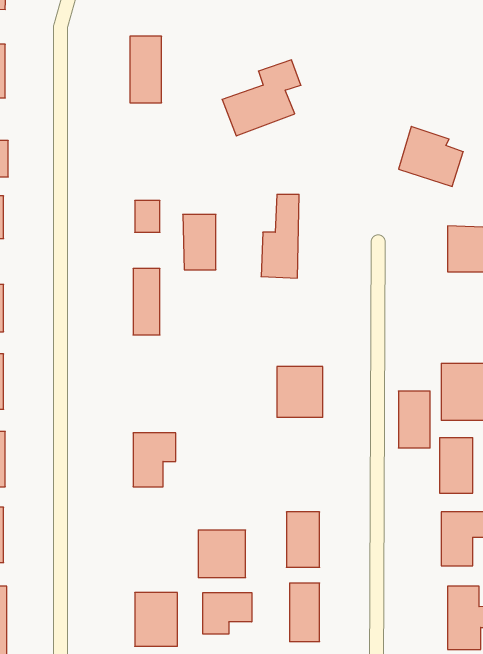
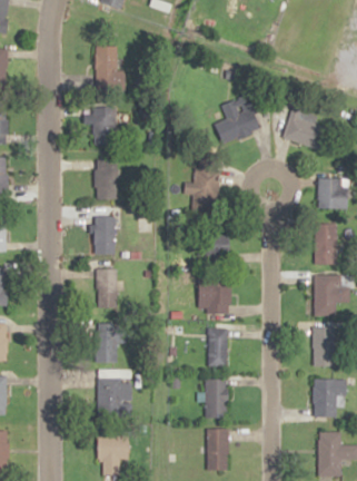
building: [222,60,301,136] -> [210,91,266,145]
building: [183,214,216,270] -> [92,107,116,146]
building: none -> [196,233,230,263]
building: none -> [97,269,118,310]
building: [398,391,430,448] -> [315,225,337,265]
building: none -> [208,328,227,367]
building: [198,530,246,578] -> [98,379,131,412]
building: [203,593,252,634] -> none

